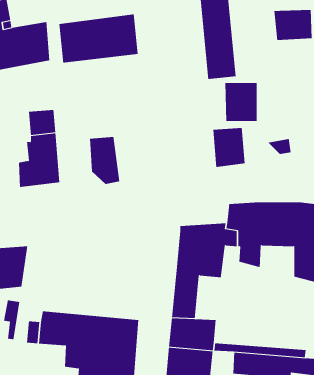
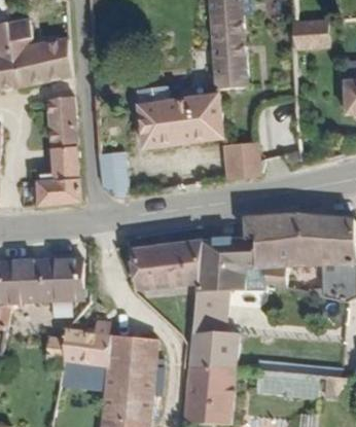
building: [58,14,138,63] -> [150,94,233,144]
building: none -> [41,90,71,123]
building: none -> [136,246,200,288]
building: none -> [38,258,86,304]

